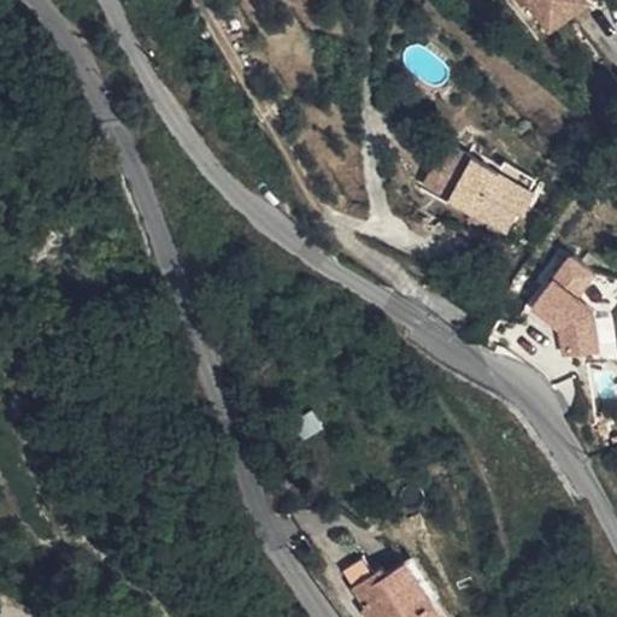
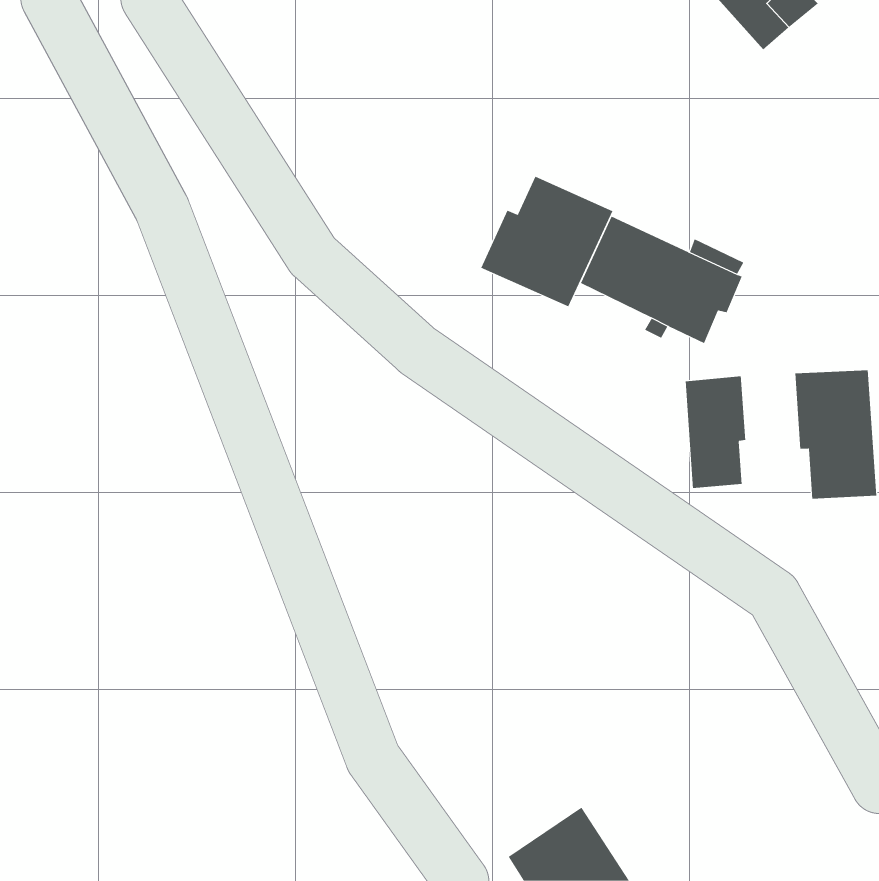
building: none -> [480,176,613,307]
building: none -> [685,376,746,489]

